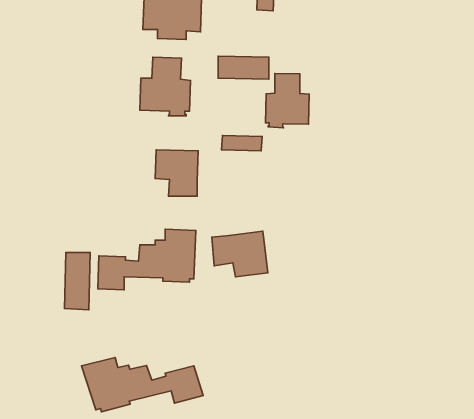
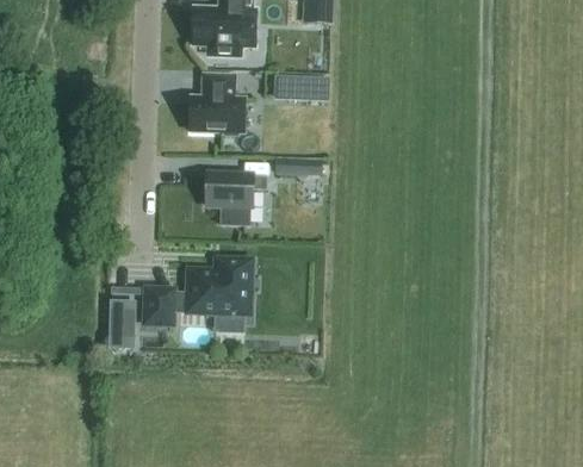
building: [265,73,309,128] -> none
building: [212,231,268,277] -> none
building: [82,357,203,412] -> none

